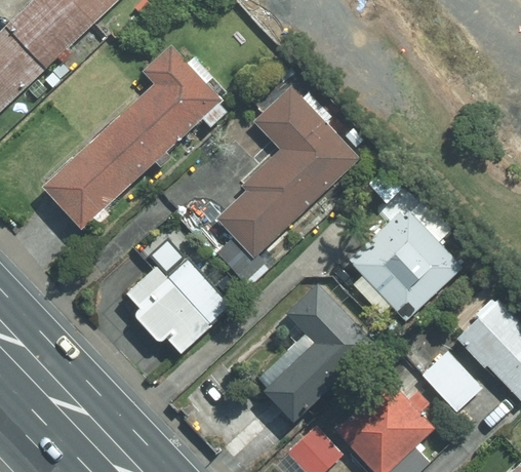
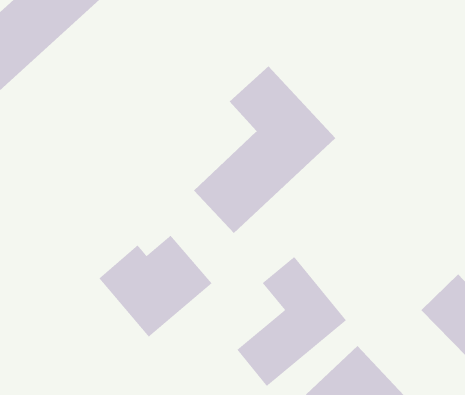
building: [41,40,230,233] -> none
building: [350,198,467,323] -> none
building: [417,350,482,416] -> none

